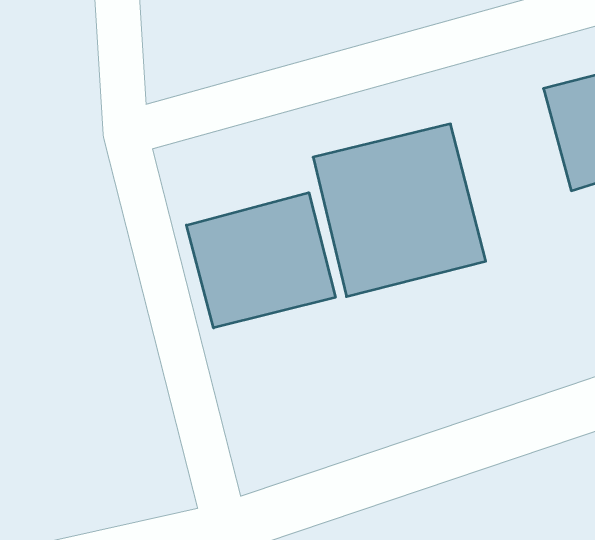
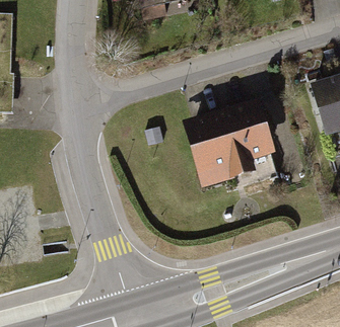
building: [186,193,335,328] -> none

